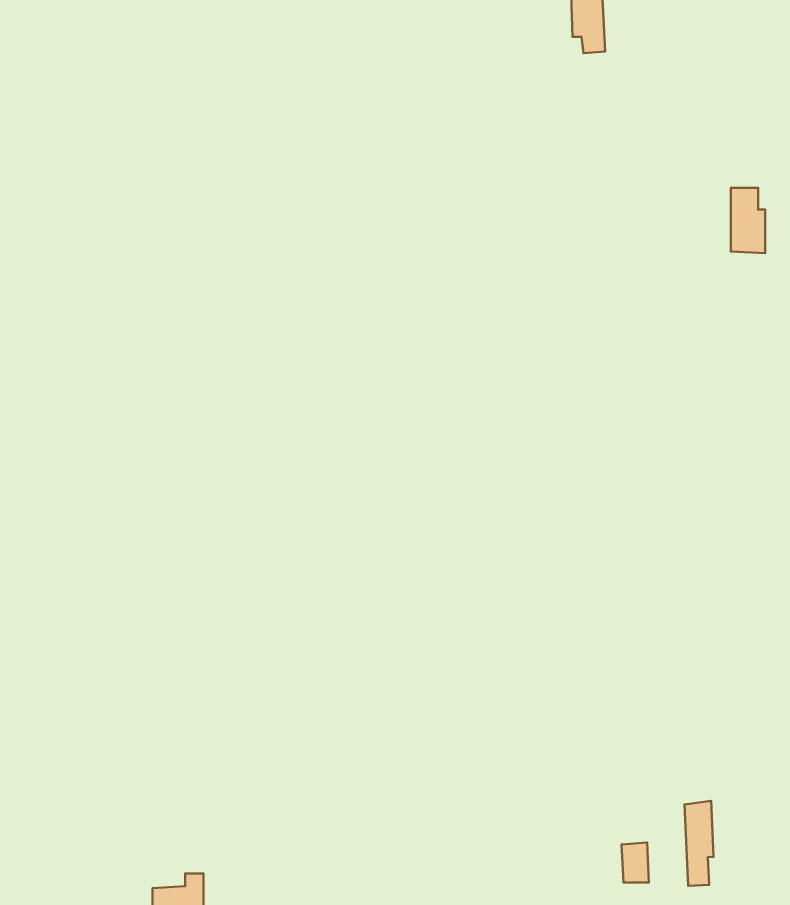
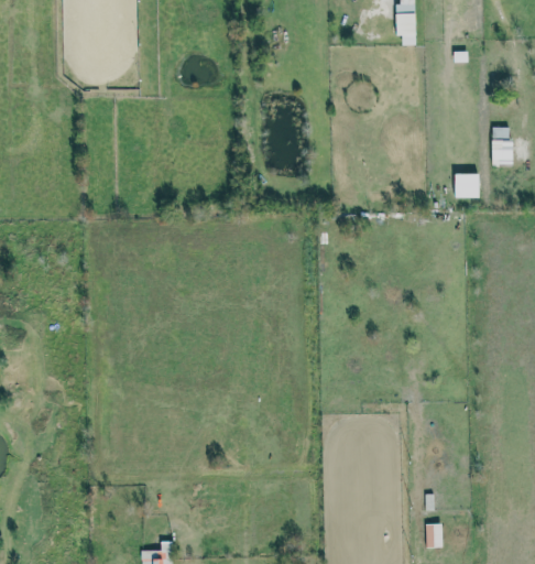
building: none -> [455,174,479,197]
building: [684,801,714,886] -> none

